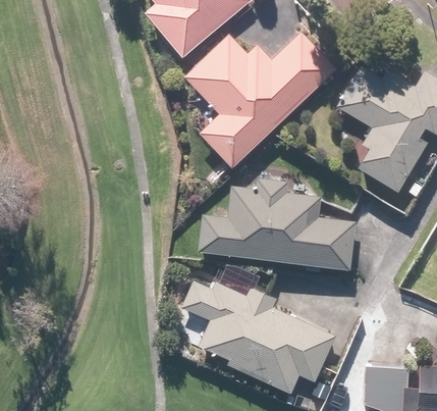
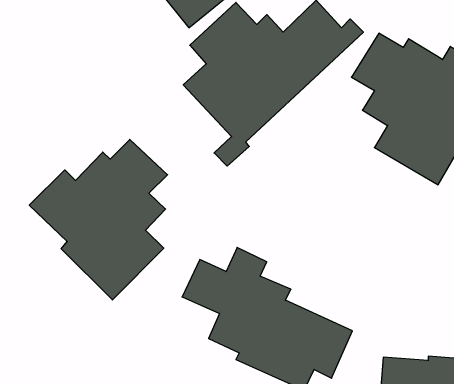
building: none -> [29,139,168,300]
building: [199,181,357,270] -> none

